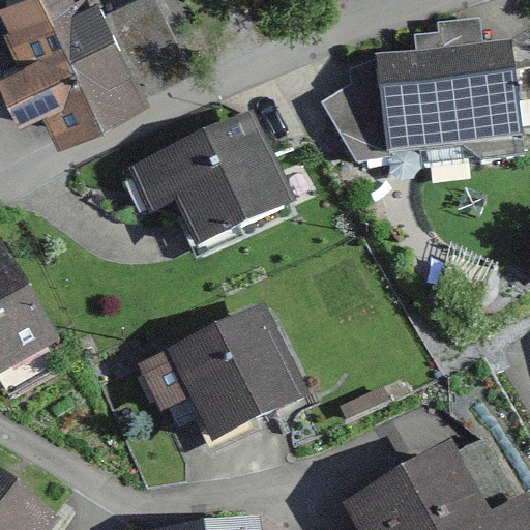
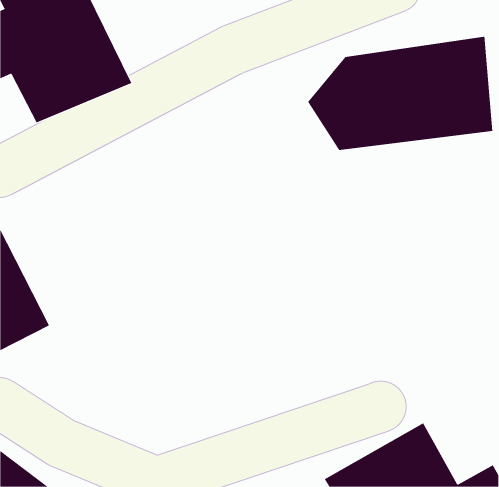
building: [130,112,290,249] -> none
building: [131,301,310,444] -> none

